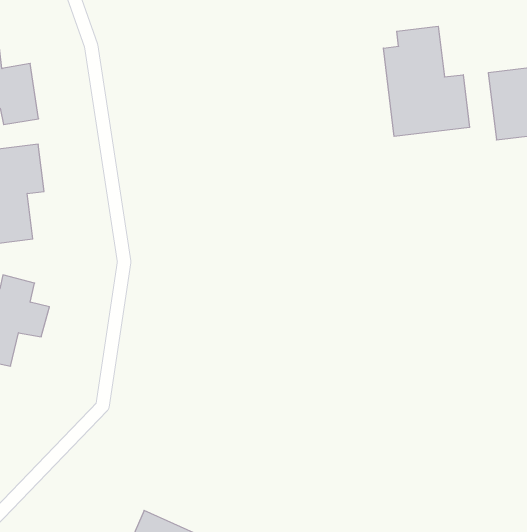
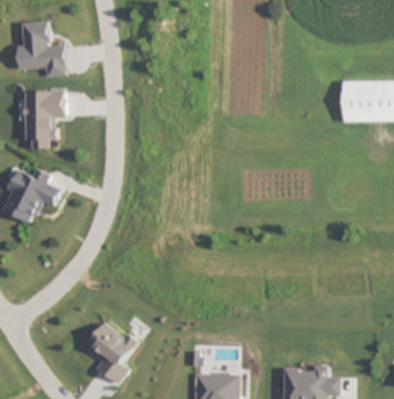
building: [383,26,470,136] -> none

